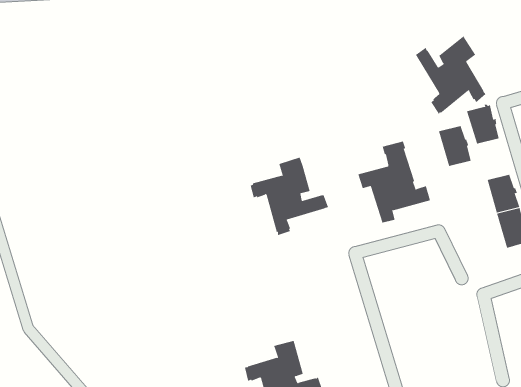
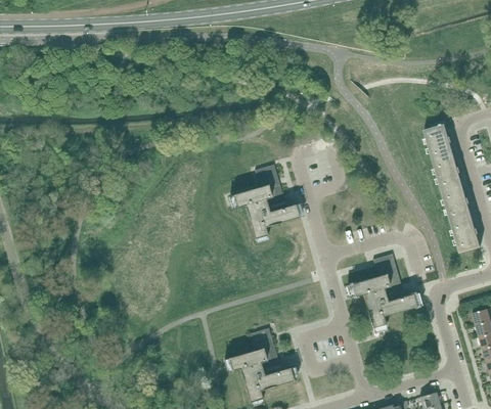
building: [415,35,486,115] -> none
building: [438,125,471,167] -> [433,154,462,191]
building: [358,141,431,223] -> [351,254,416,327]

